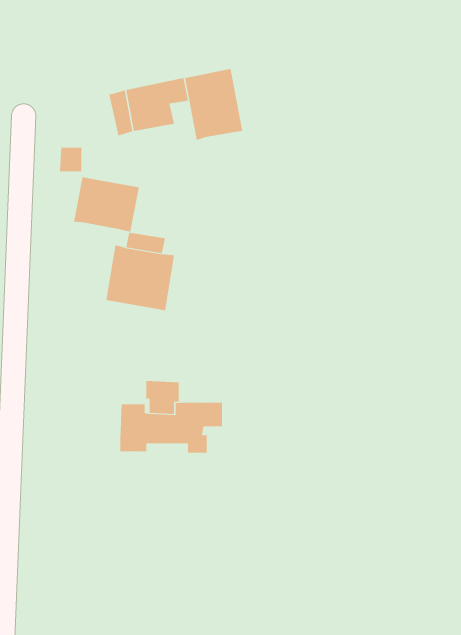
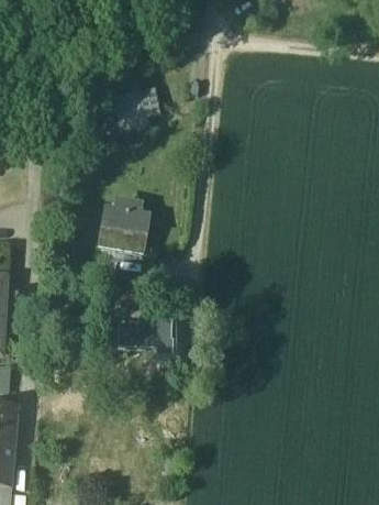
building: [184,68,243,141] -> none
building: [73,177,139,232] -> none

